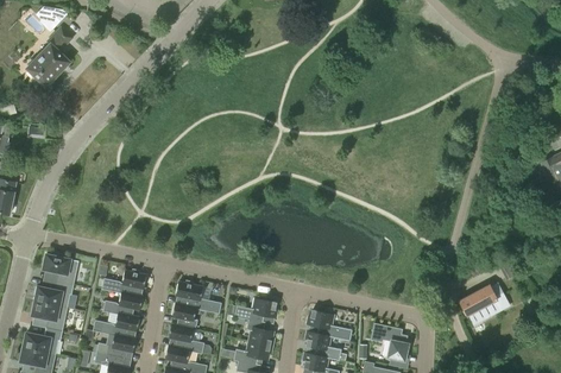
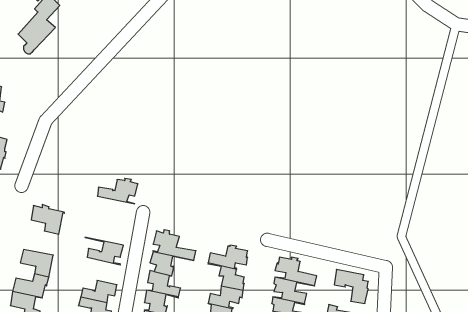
building: [102,268,146,296] -> [97,178,138,204]
building: [34,280,73,306] -> none
building: [459,283,510,317] -> none
building: [93,309,139,339] -> none

